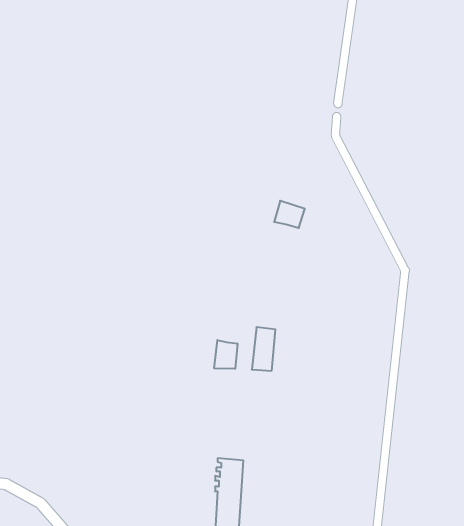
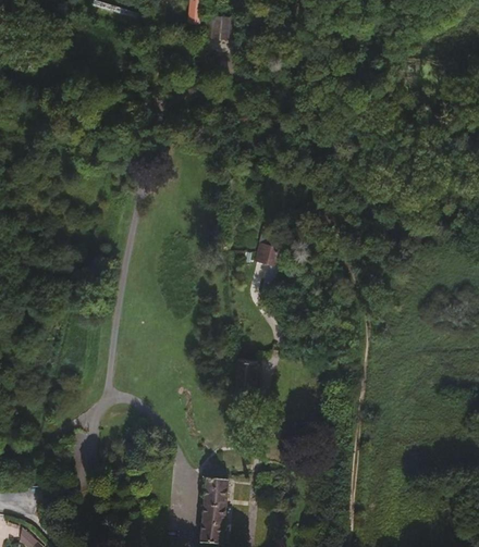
building: [214,340,237,369] -> none

